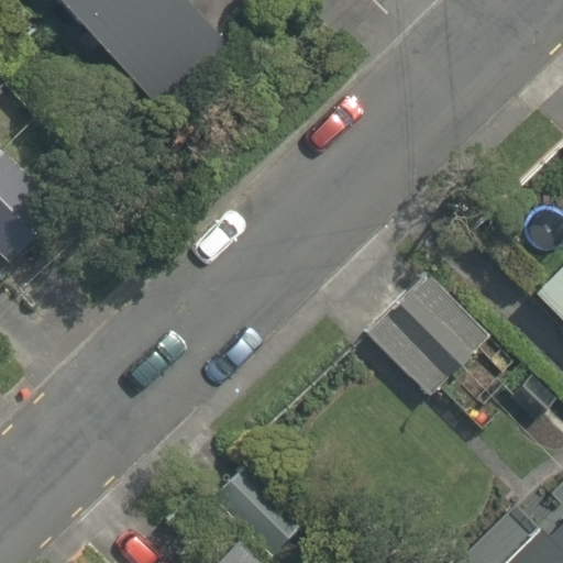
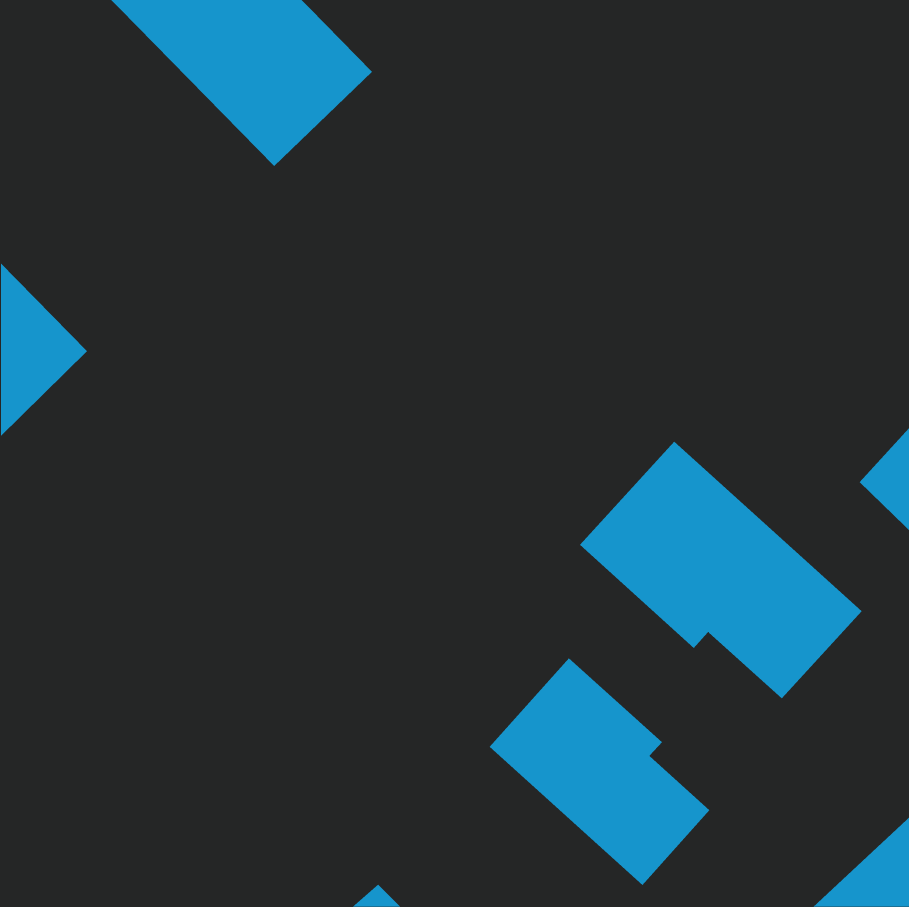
building: none -> [489,657,710,886]

